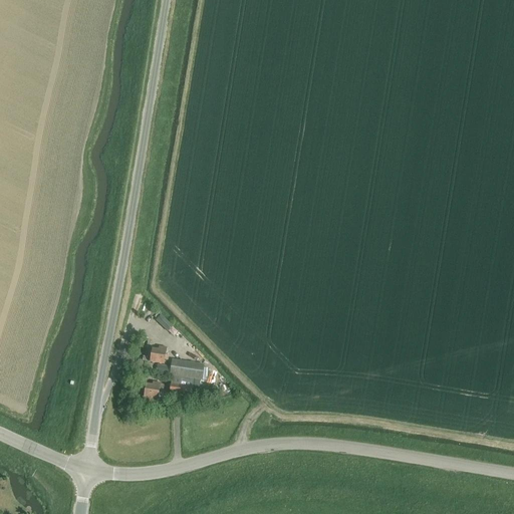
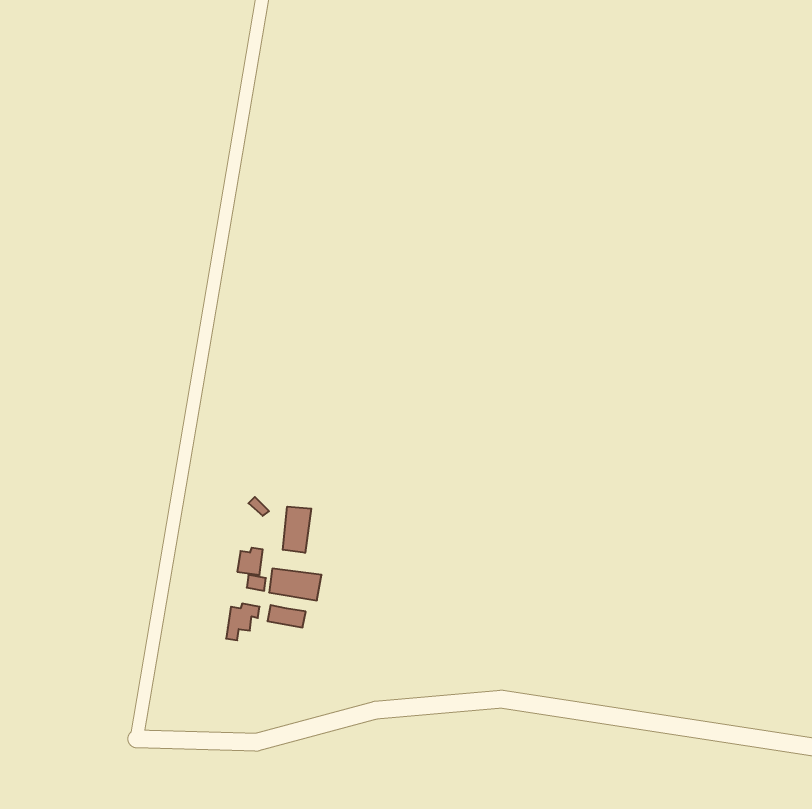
building: none -> [283,507,311,553]

